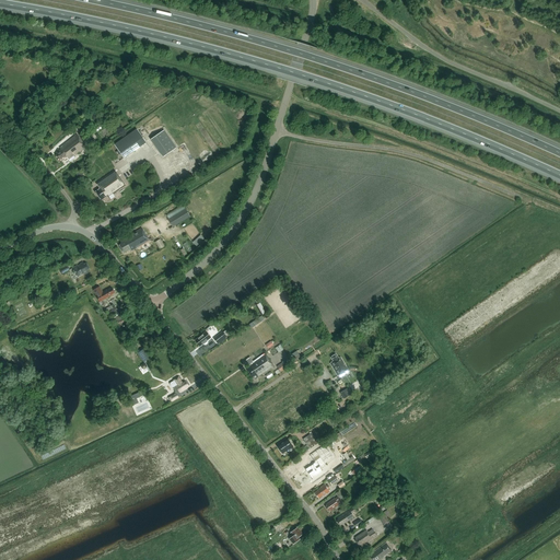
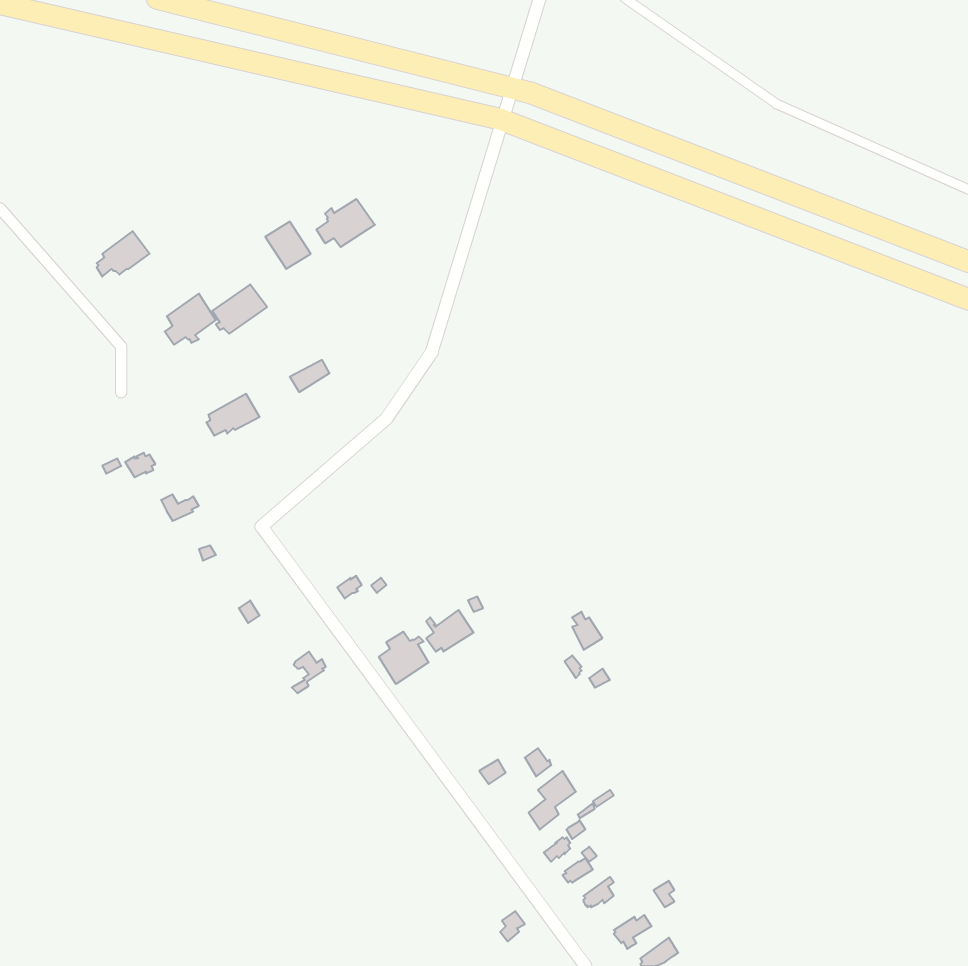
building: none -> [316,199,375,247]
building: [114,128,145,156] -> [212,284,267,334]
building: none -> [379,632,429,684]

